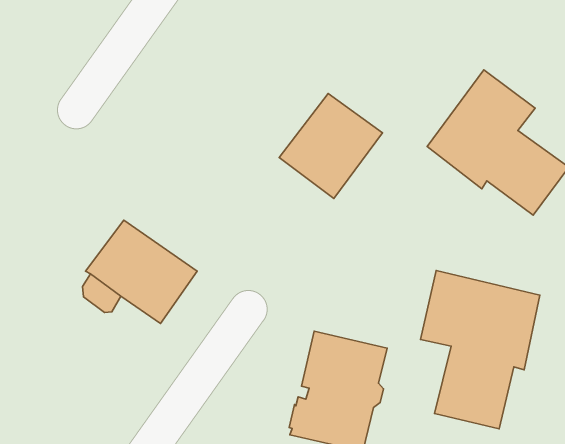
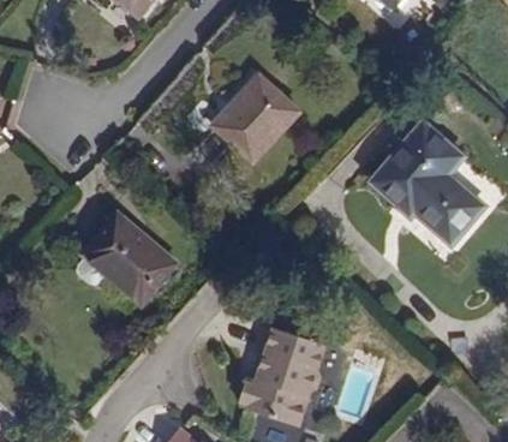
building: [279,93,382,198] -> [213,76,298,161]
building: [420,271,540,429] -> none

